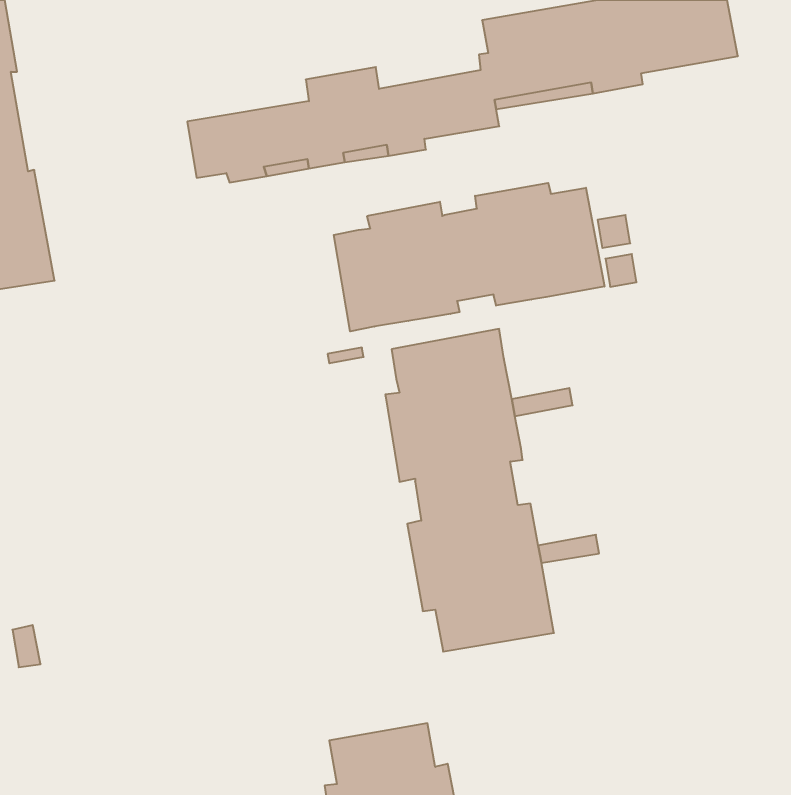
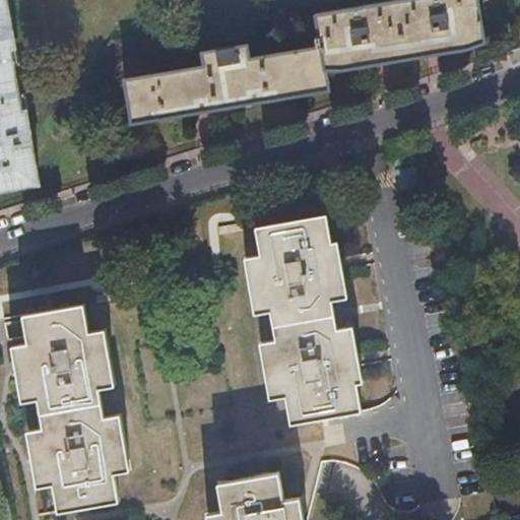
building: [334,183,604,331] -> none
building: none -> [16,305,122,513]

